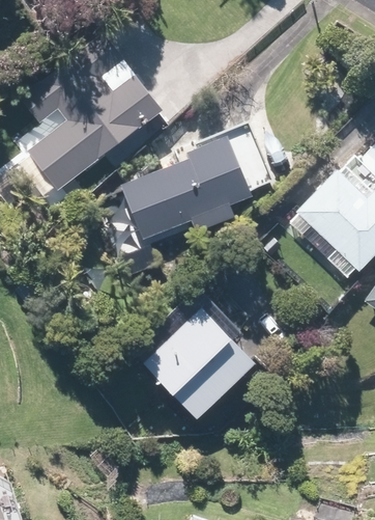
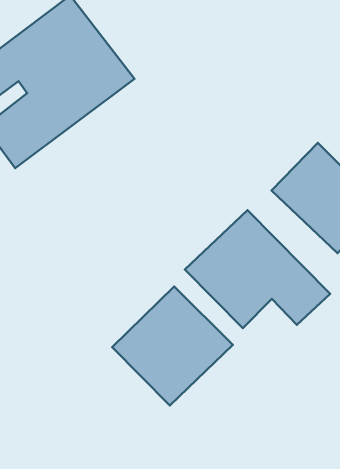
building: [118,137,253,242] -> none
building: none -> [185,210,330,328]

